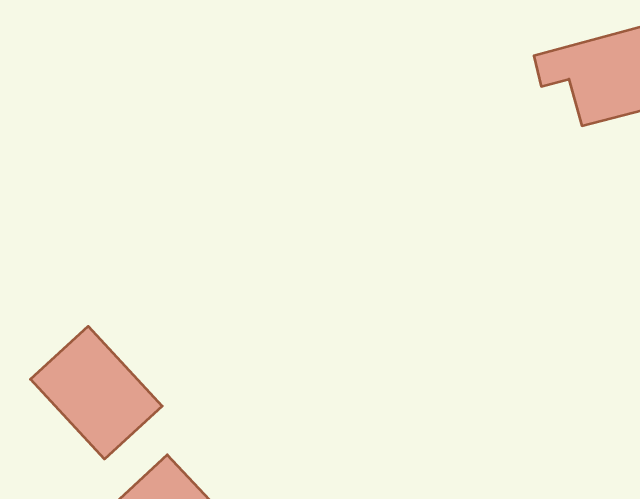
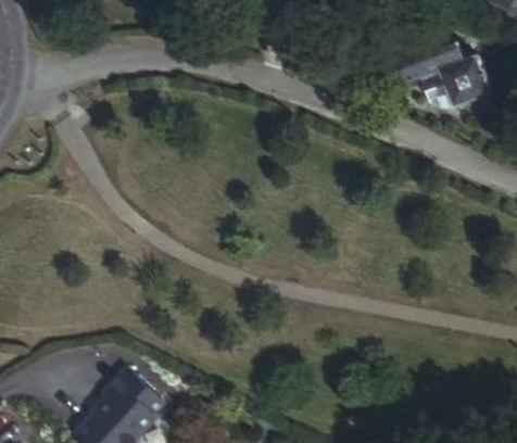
building: [30,326,162,459] -> none

